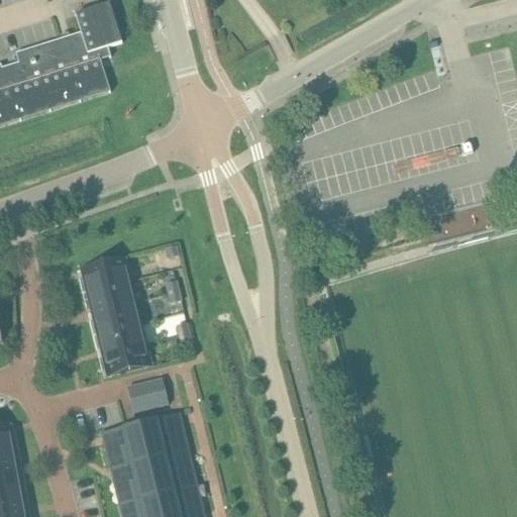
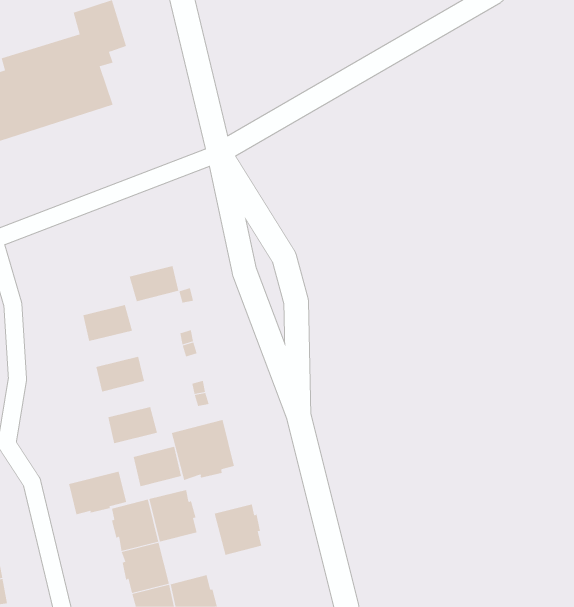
building: [89,280,131,310] -> [129,266,179,302]
building: [100,322,141,352] -> none
building: none -> [171,419,235,481]
building: none -> [68,471,127,515]
building: [148,449,189,493] -> [214,504,262,556]

